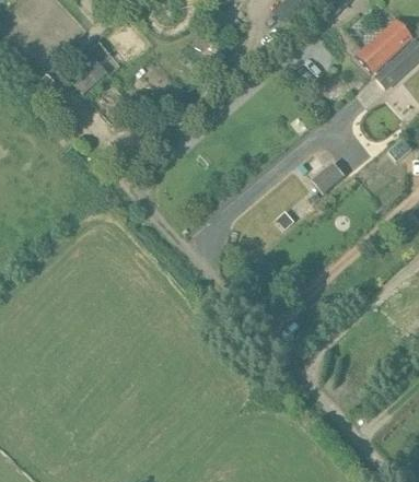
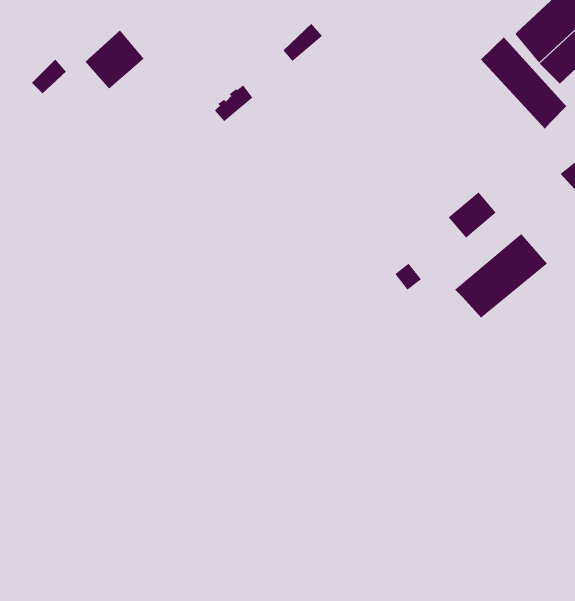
building: none -> [480,36,567,129]
building: none -> [454,233,548,318]

